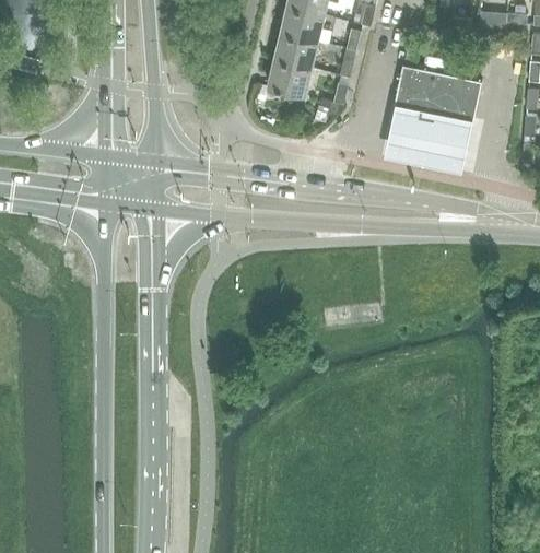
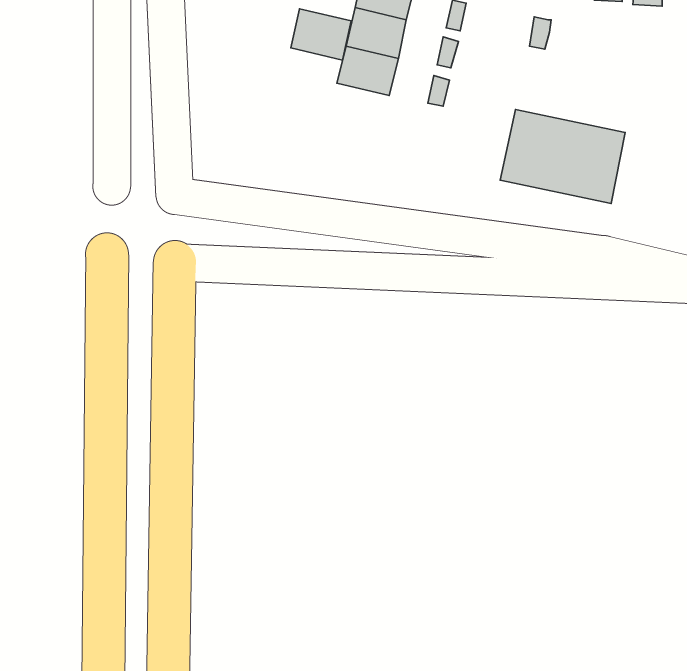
building: none -> [291,9,351,60]
building: [395,57,481,123] -> none

